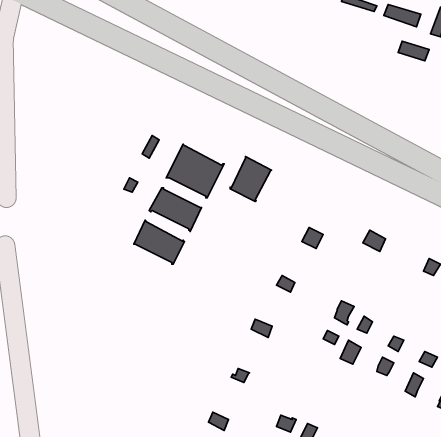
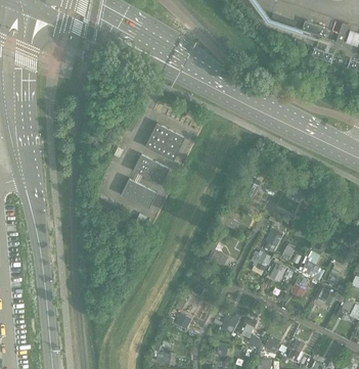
building: [230,156,272,202] -> none

